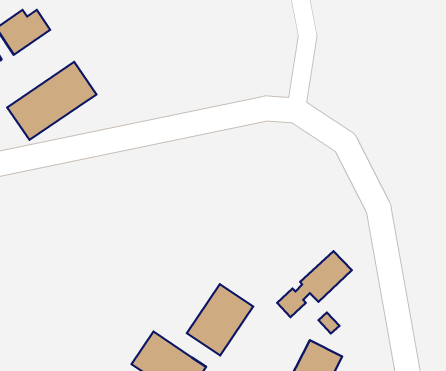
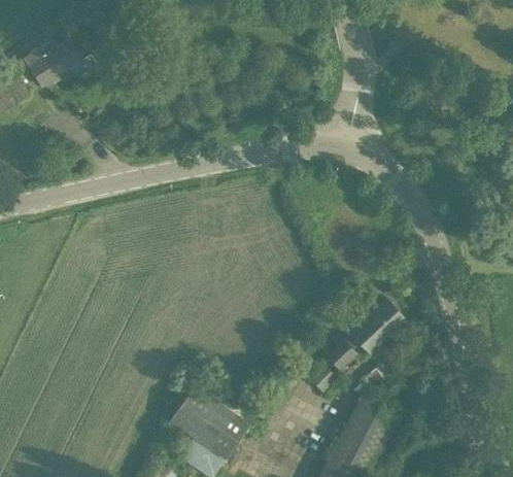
building: [7,62,96,140] -> none
building: [187,284,253,356] -> none

